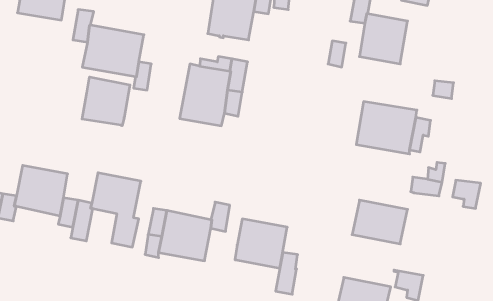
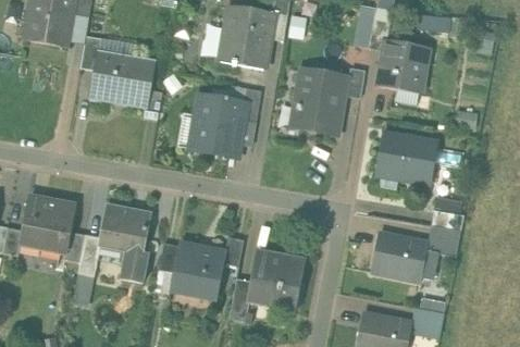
building: none -> [293,70,343,134]
building: [82,77,130,126] -> none
building: [453,180,481,208] -> [431,226,460,256]
building: [276,252,298,294] -> [227,278,250,322]

